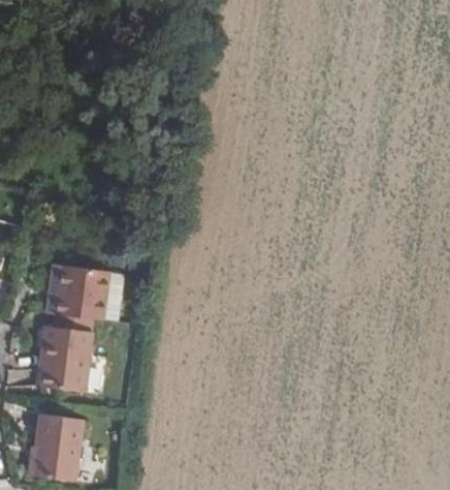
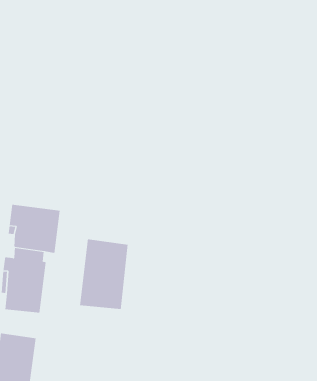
building: none -> [79,238,128,310]

